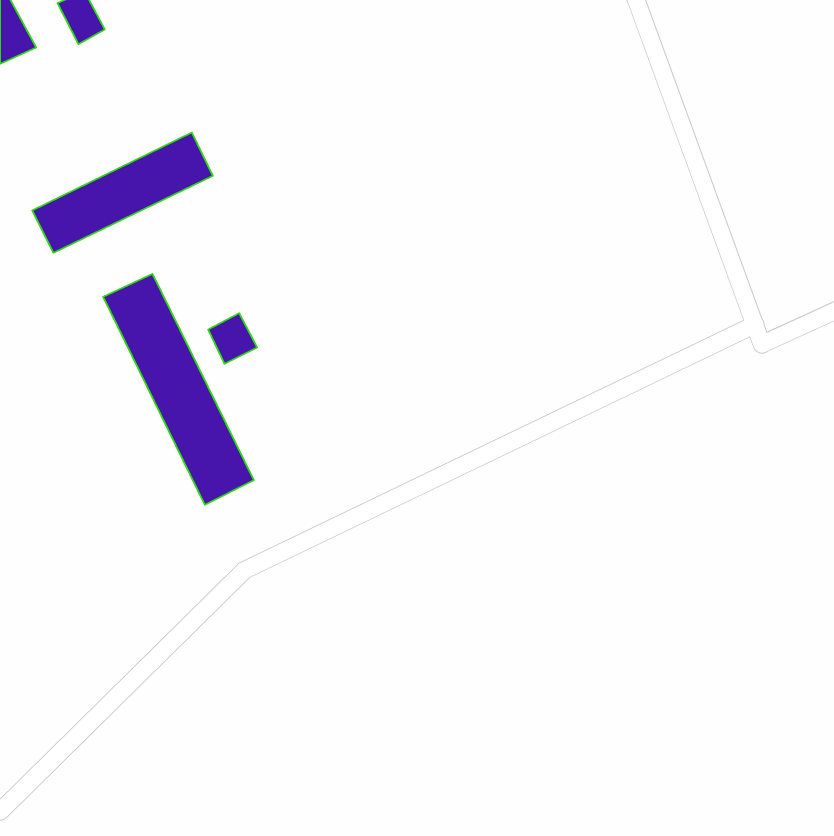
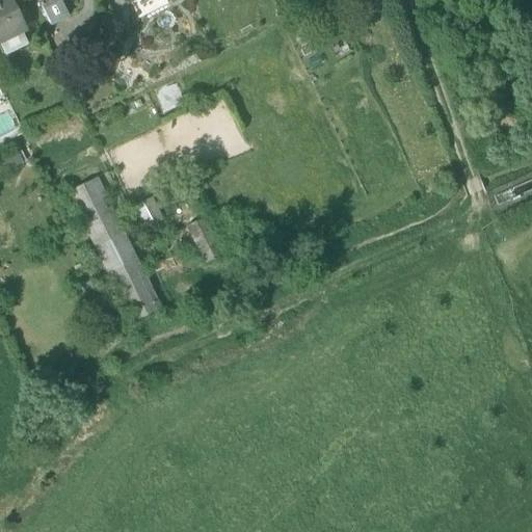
building: [32,133,213,253] -> none
building: none -> [187,218,219,257]

